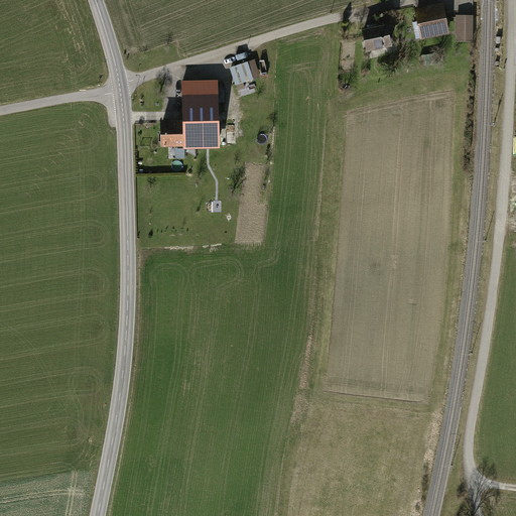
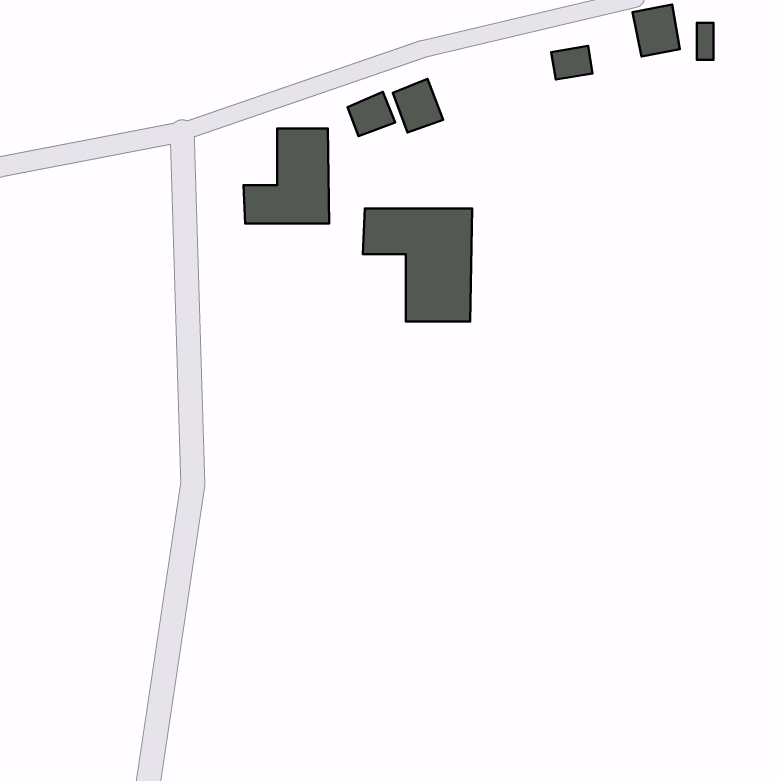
building: none -> [393,79,443,132]
building: none -> [363,209,472,322]

